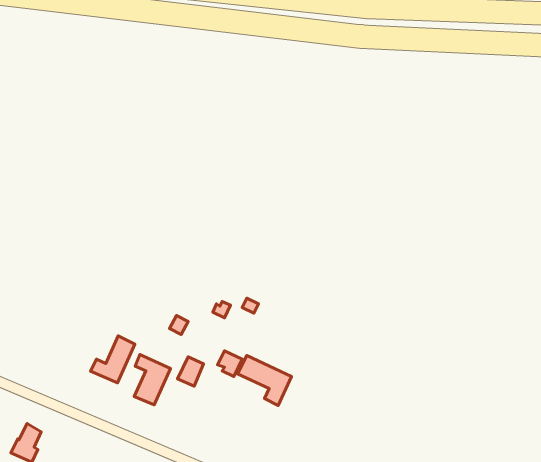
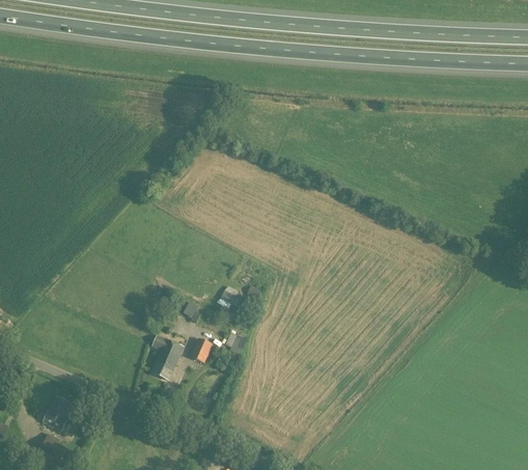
building: [91,336,135,383] -> none
building: [237,356,292,406] -> none

